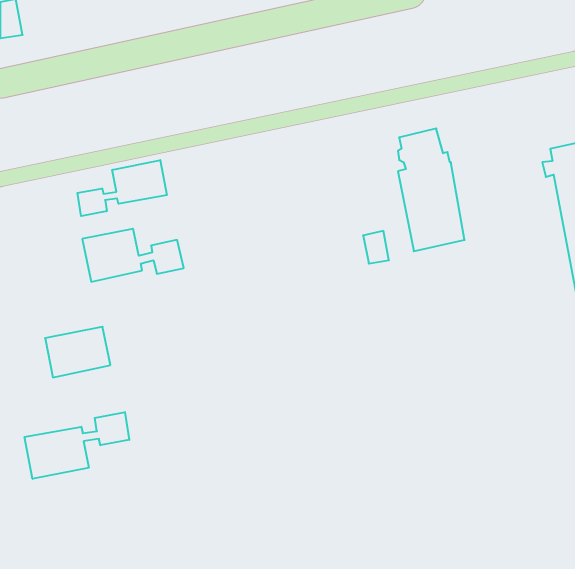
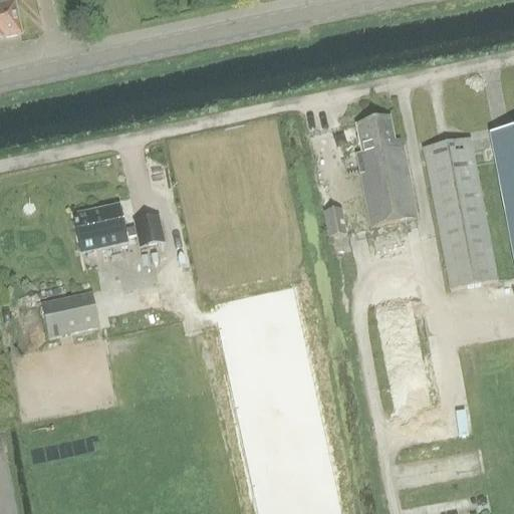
building: none -> [424,137,499,287]
building: [77,160,167,216] -> none
building: [25,412,129,479] -> none

